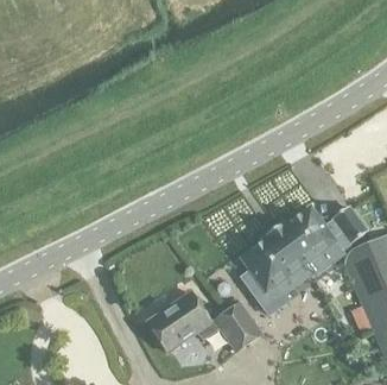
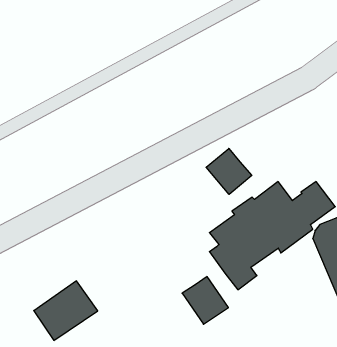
building: none -> [206,148,252,194]
building: [146,291,210,351] -> [34,281,98,340]

